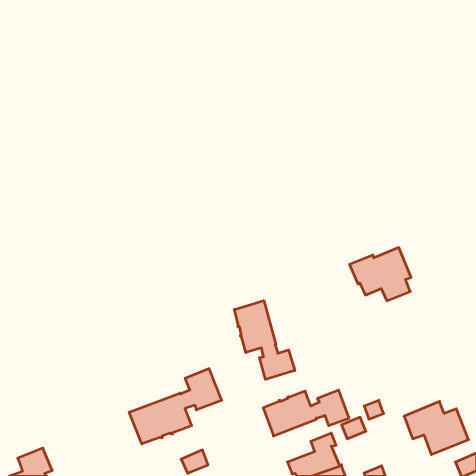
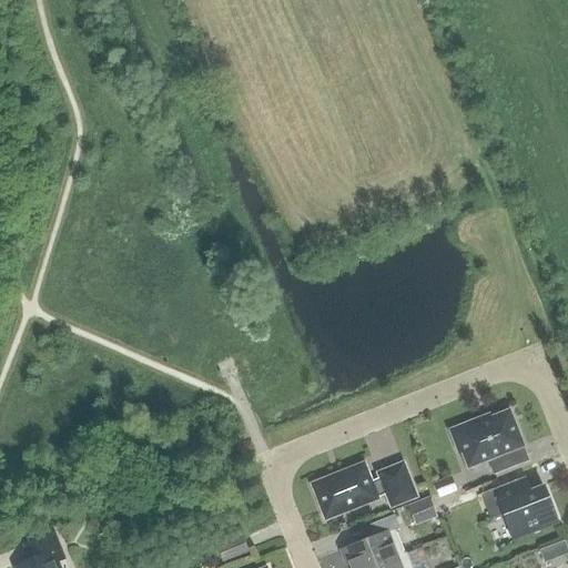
building: [350,248,411,301] -> [450,410,524,474]
building: [234,301,295,379] -> none
building: [129,369,222,444] -> none

